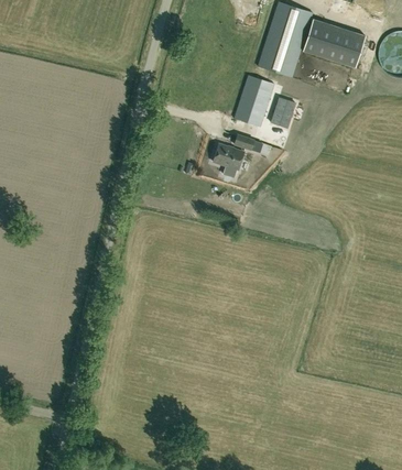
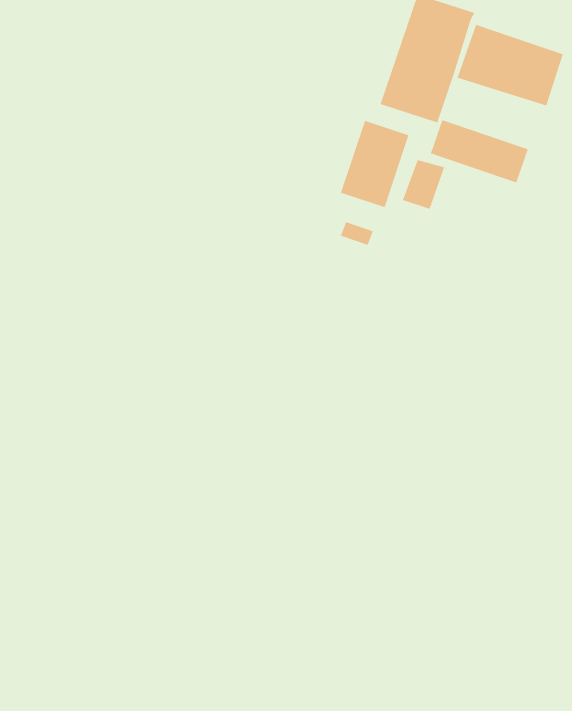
building: none -> [430,119,529,183]
building: [213,143,243,170] -> none

